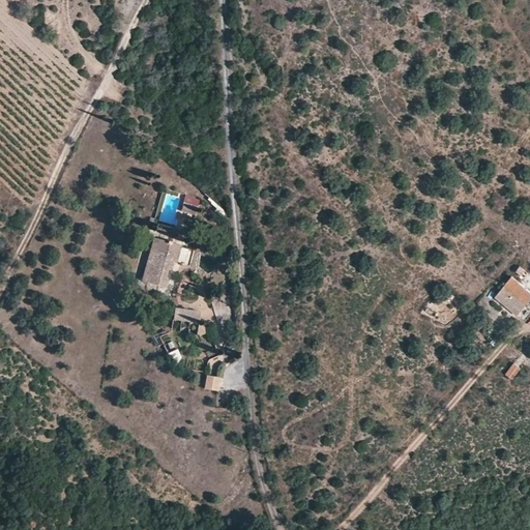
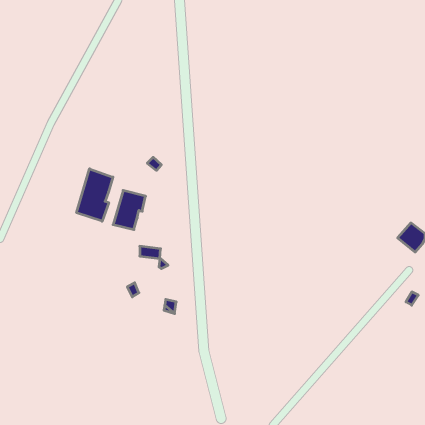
building: none -> [77,169,113,221]

